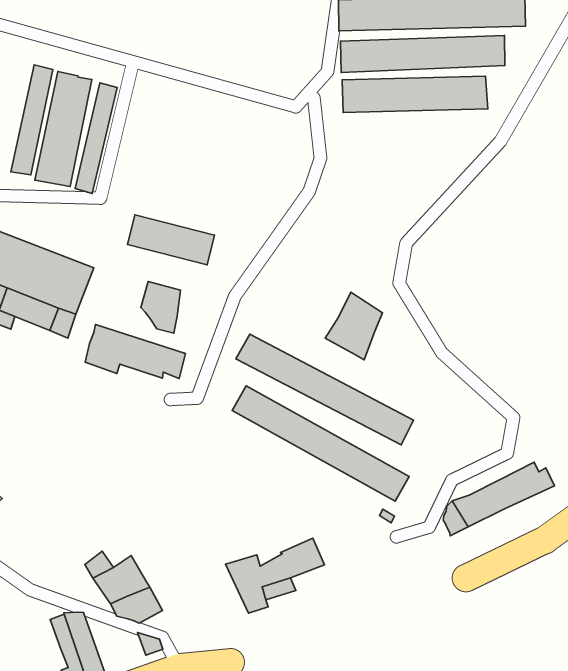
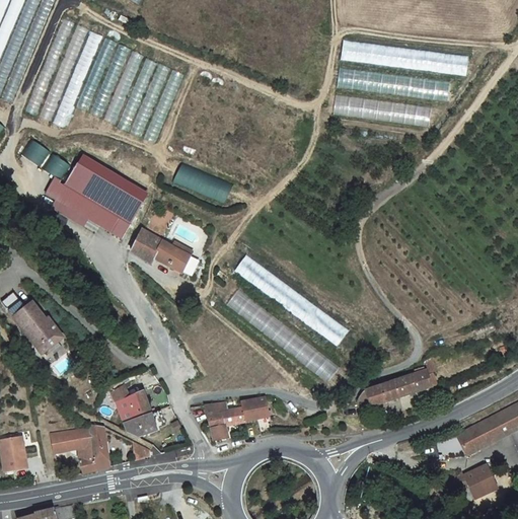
building: [141,281,181,333] -> none
building: [325,292,383,360] -> none
building: none -> [51,425,83,452]

